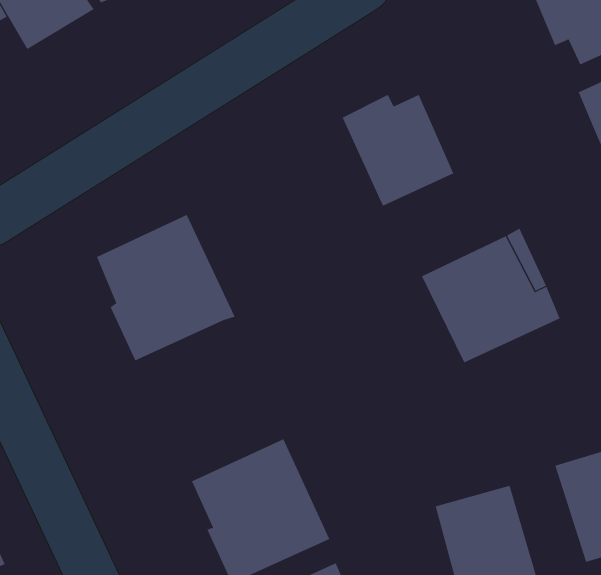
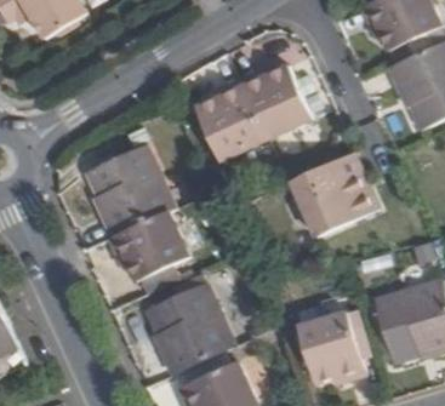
building: none -> [196,81,264,159]
building: none -> [107,208,187,288]

